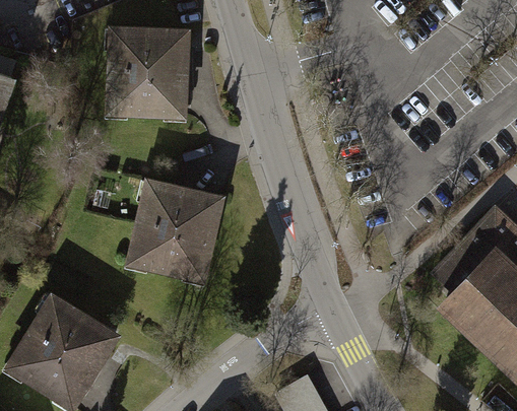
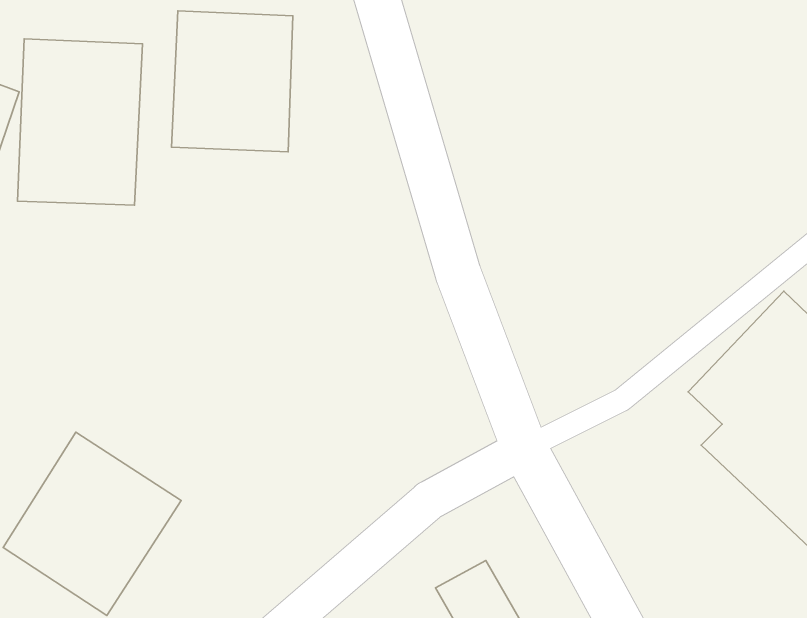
building: none -> [18,39,142,205]
building: [129,182,221,281] -> none

